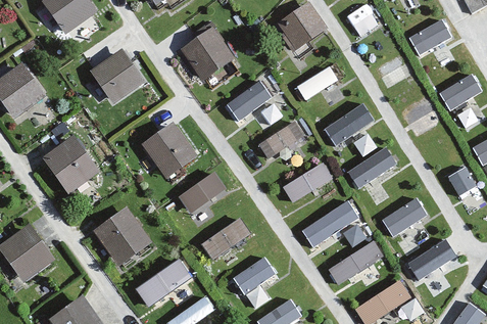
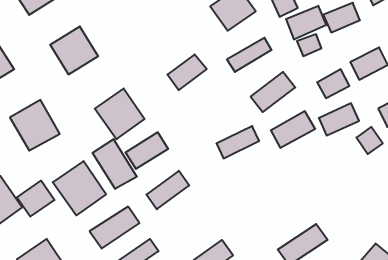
building: none -> [286,6,326,40]
building: [180,26,236,82] -> none
building: [257,120,305,161] -> none
building: none -> [93,139,137,189]
building: [381,197,428,235] -> [319,103,359,136]
building: [300,199,359,247] -> none
building: none -> [17,181,55,217]
building: [406,235,459,287] -> none
building: [329,238,385,285] -> none
building: [232,254,276,294] -> none

